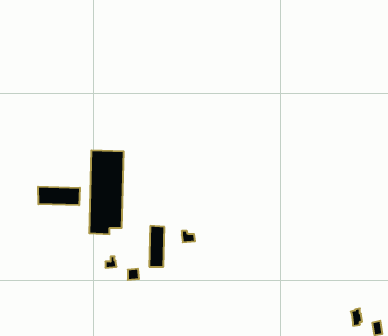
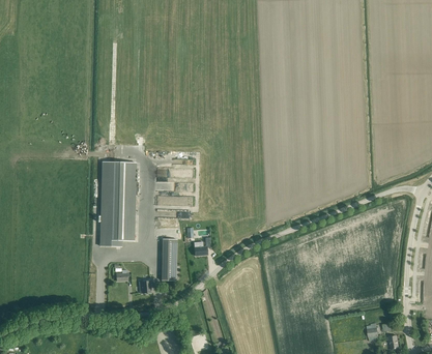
building: [38,187,80,205] -> none

